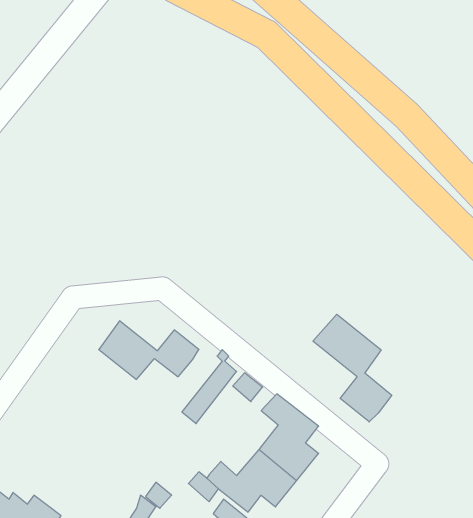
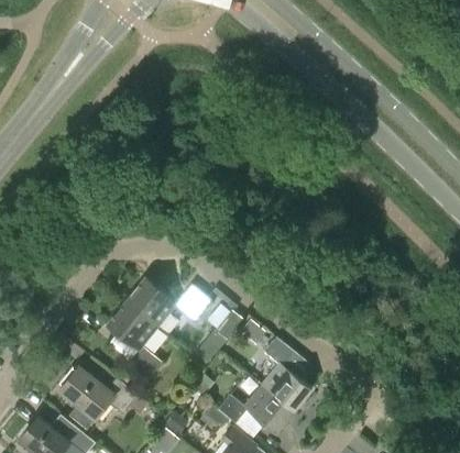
building: [313,314,392,422] -> none
building: none -> [107,300,163,377]
building: none -> [59,366,147,418]

